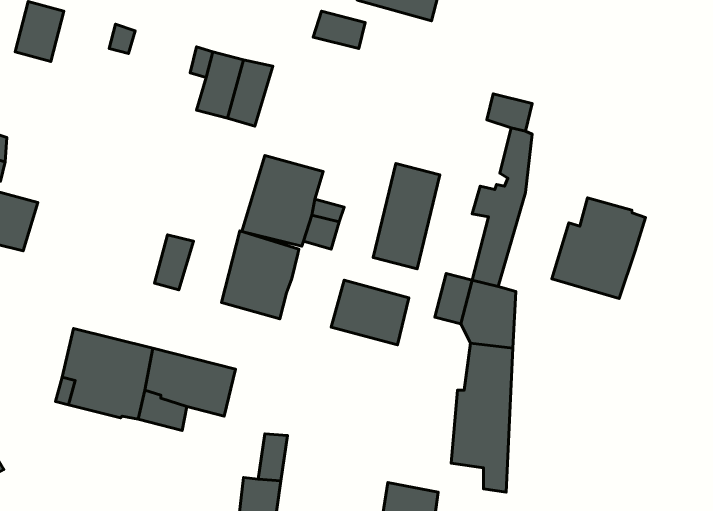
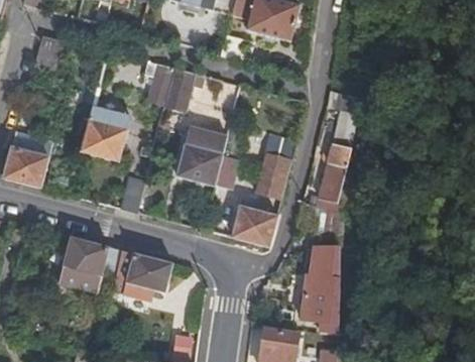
building: none -> [81,101,129,160]
building: [552,198,646,298] -> none
building: [221,231,299,319] -> none

